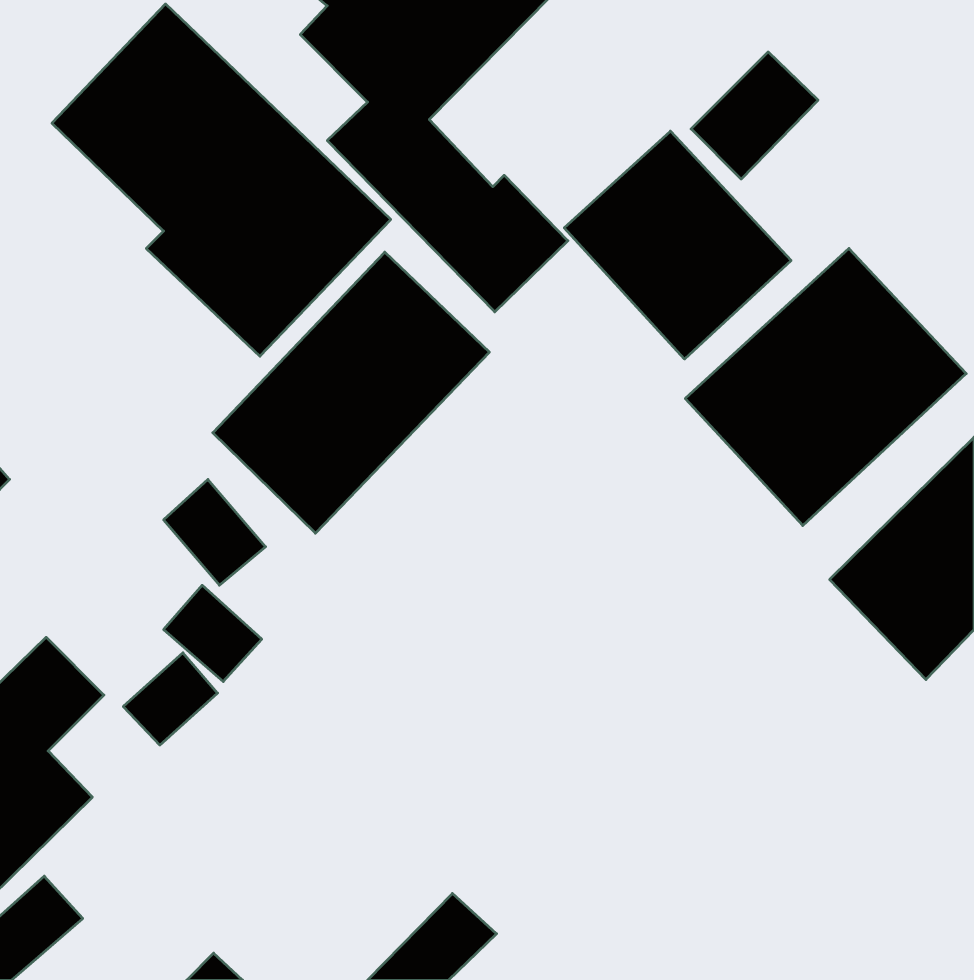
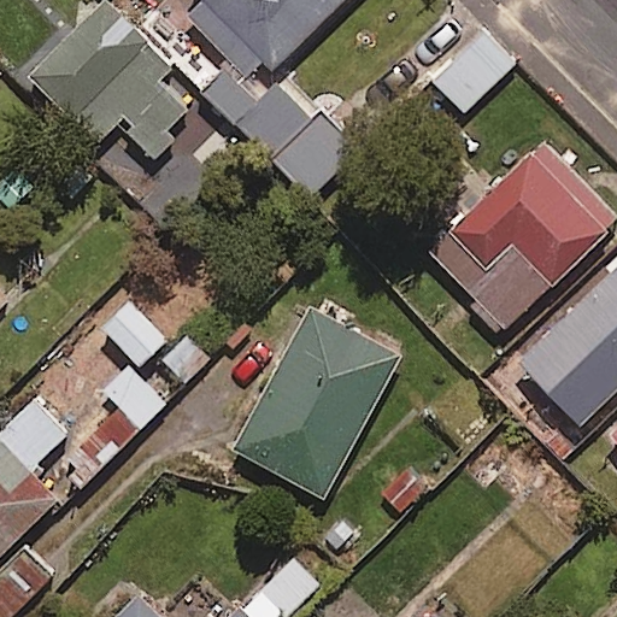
building: [564,131,791,359] -> none
building: [213,252,489,533] -> none
building: none -> [234,310,399,498]

